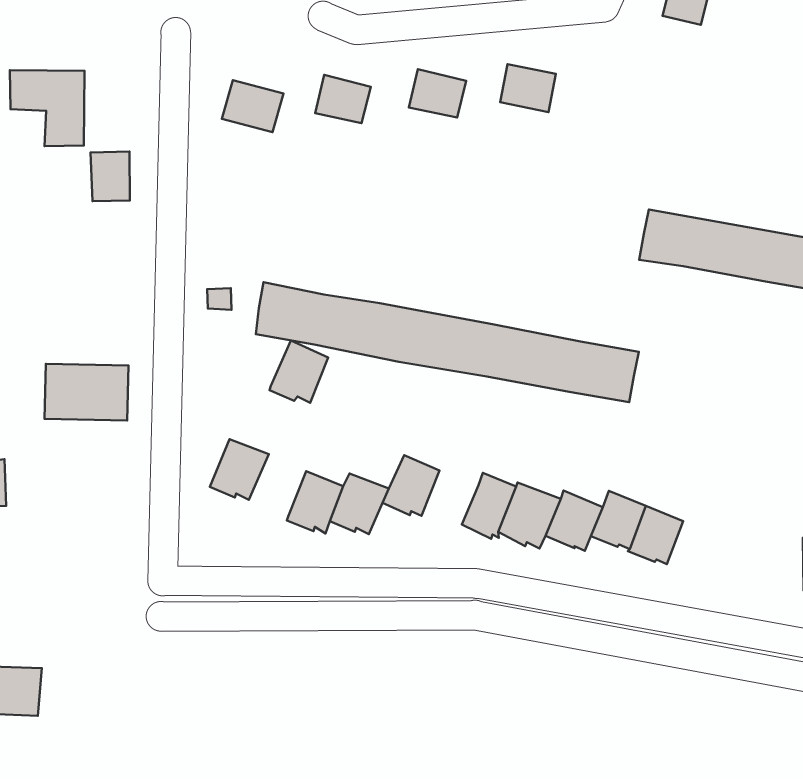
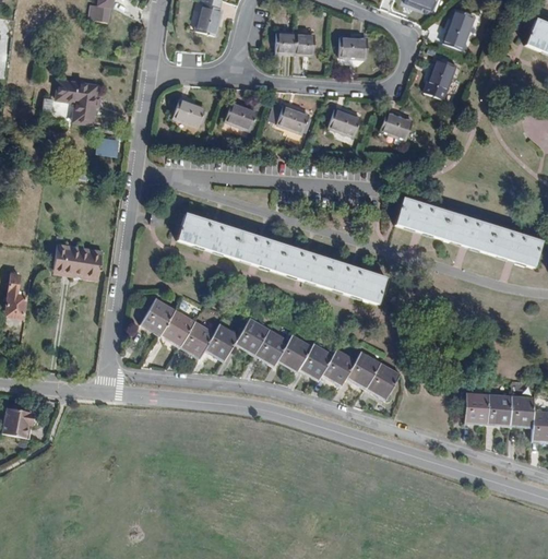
building: none -> [381,110,413,140]
building: [269,340,328,403] -> [159,308,194,344]
building: none -> [254,329,289,364]

